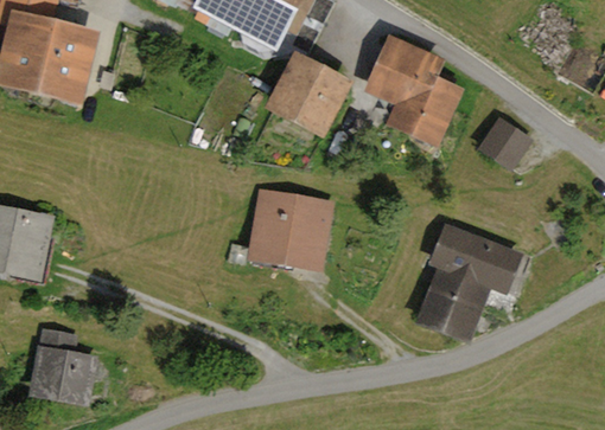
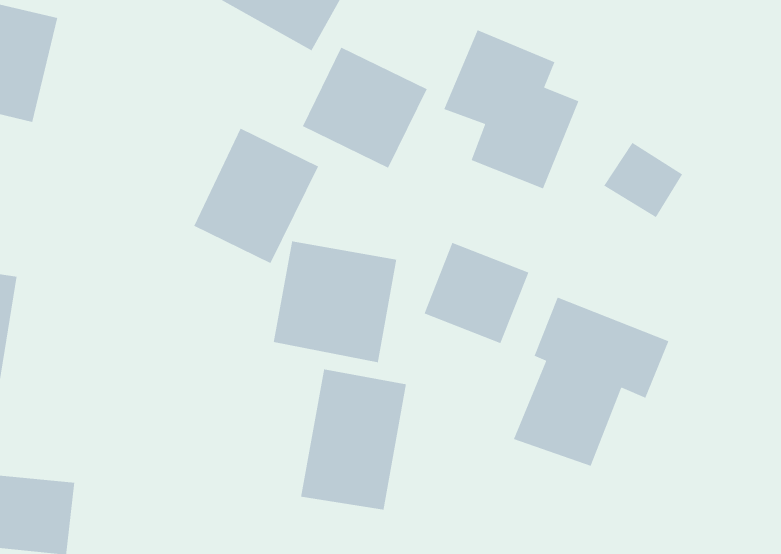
building: none -> [193,128,319,264]
building: none -> [424,242,529,344]
building: none -> [300,368,407,511]

